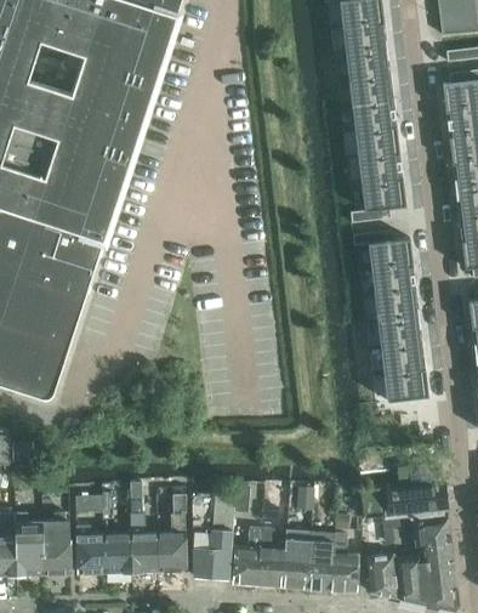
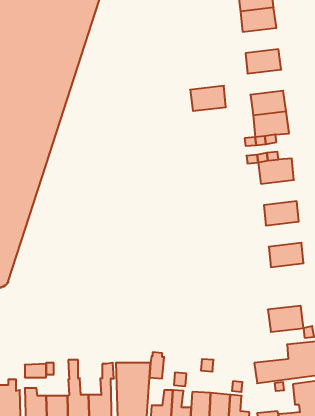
building: [348,73,393,104] -> none
building: [354,125,399,157] -> [190,86,226,111]
building: [371,263,416,295] -> none
building: [377,316,422,347] -> none
building: [383,368,428,401] -> [268,306,304,332]

